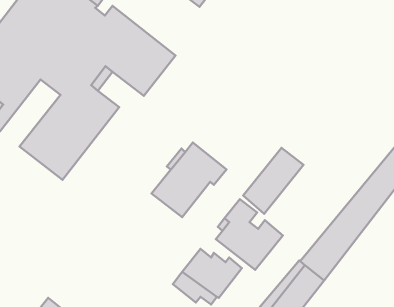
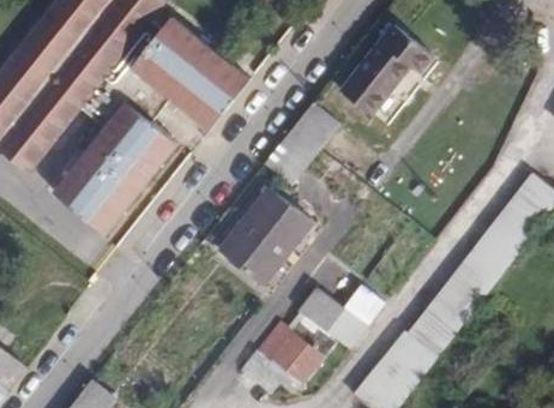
building: none -> [342,24,430,113]
building: [243,148,304,214] -> [264,102,339,185]

